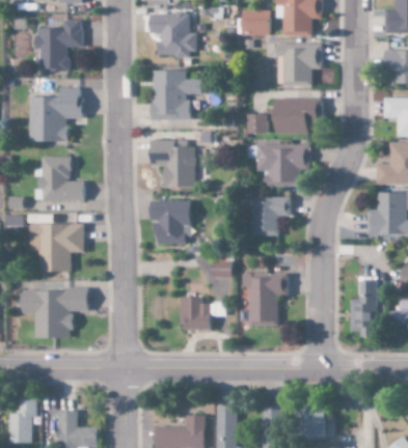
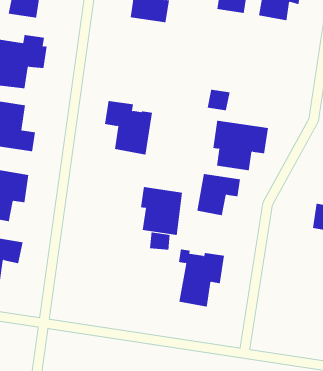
building: [277,44,322,86] -> none
building: [152,71,201,120] -> none
building: [274,97,323,135] -> none
building: [149,201,190,244] -> [140,187,183,235]
building: [350,278,378,336] -> none
building: [181,298,210,330] -> none

